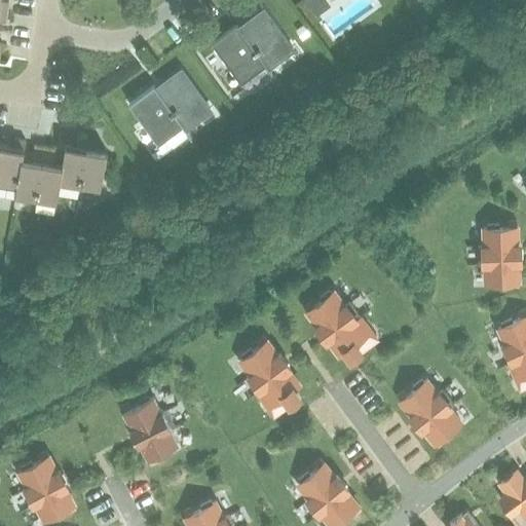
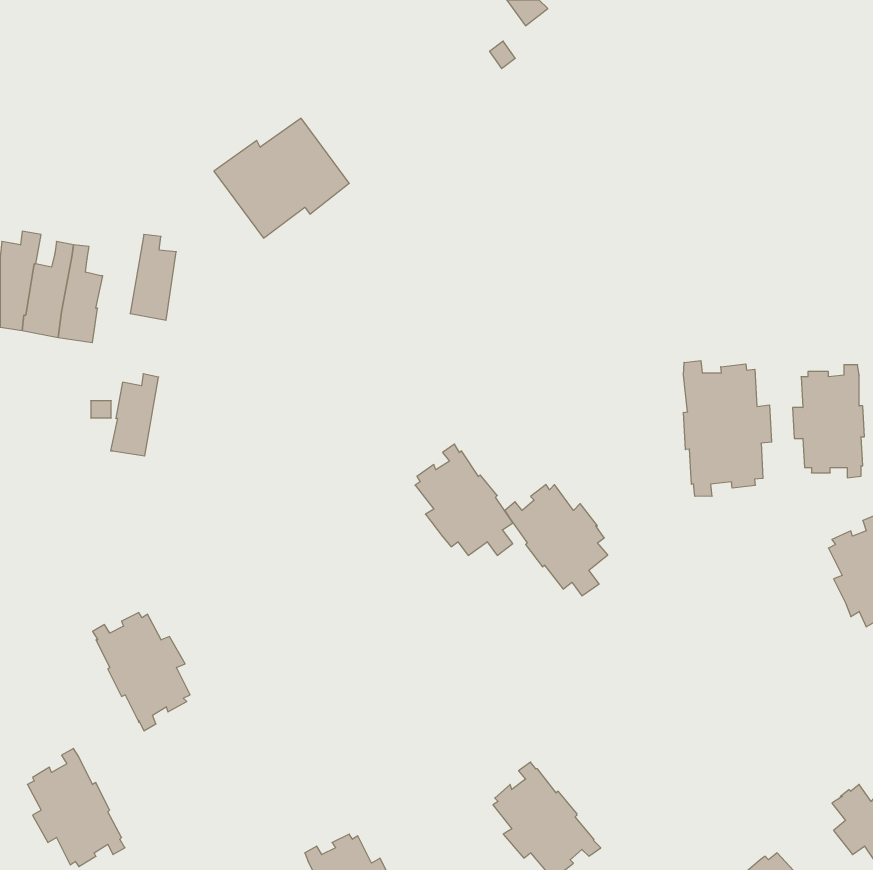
building: [213,13,294,84] -> none
building: [59,142,87,191] -> [111,374,159,456]
building: none -> [683,361,772,496]
building: [240,339,299,406] -> [415,444,513,555]
building: [397,380,461,449] -> none
building: [120,398,179,468] -> [93,613,190,731]

